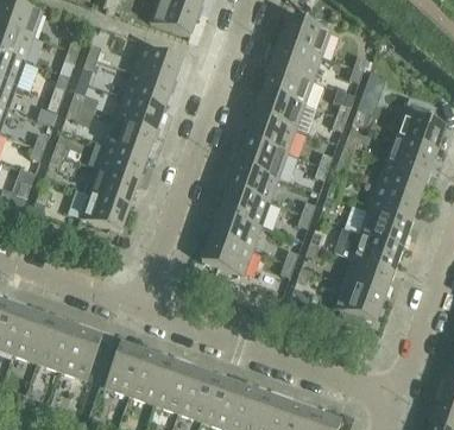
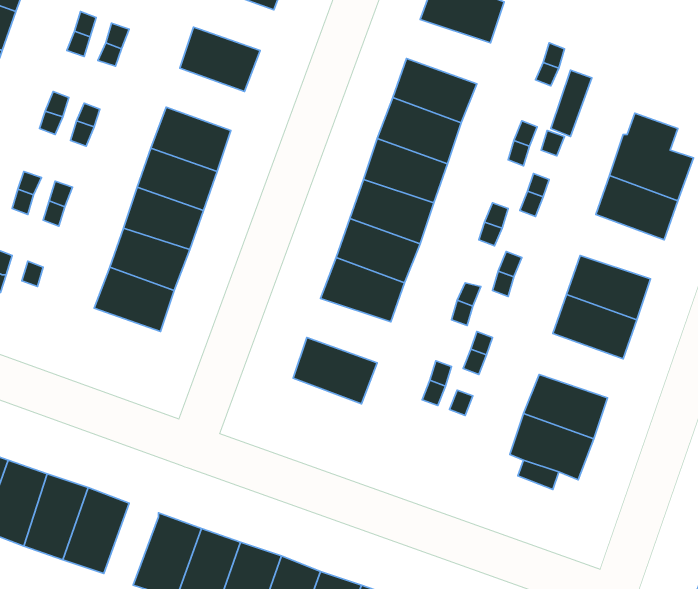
building: [271,40,322,80] -> none
building: [125,70,172,108] -> none
building: [377,159,428,198] -> none
building: [210,210,261,249] -> none
building: [335,227,403,271] -> none

